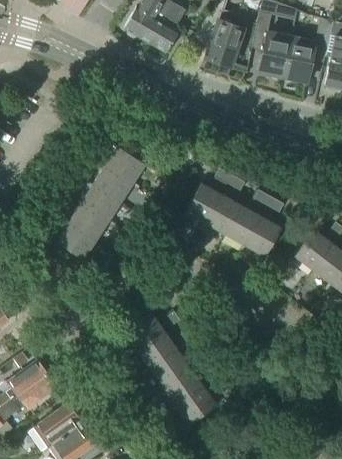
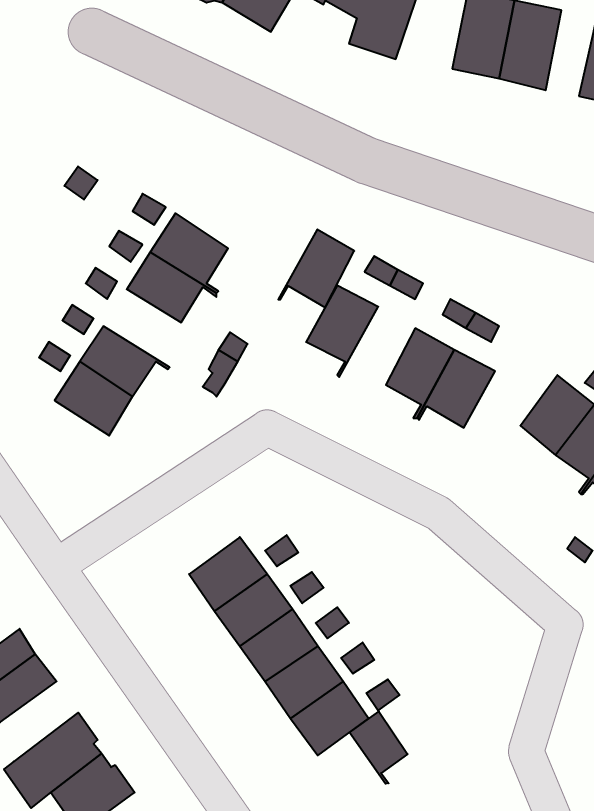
building: [80,185,120,225] -> none
building: [201,194,240,234] -> [278,229,354,307]
building: none -> [349,711,408,784]

